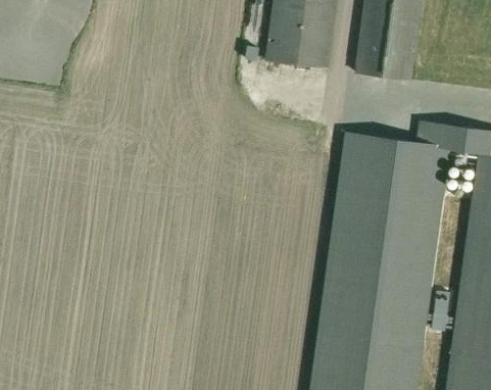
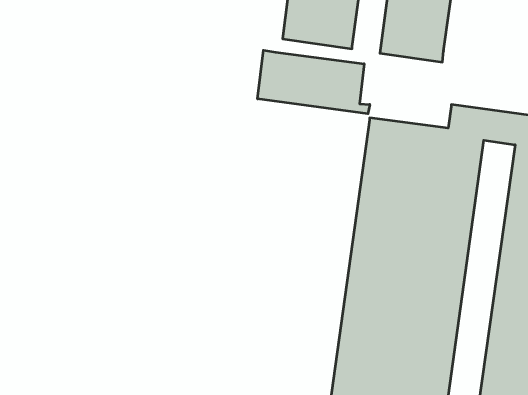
building: none -> [258,50,370,114]

